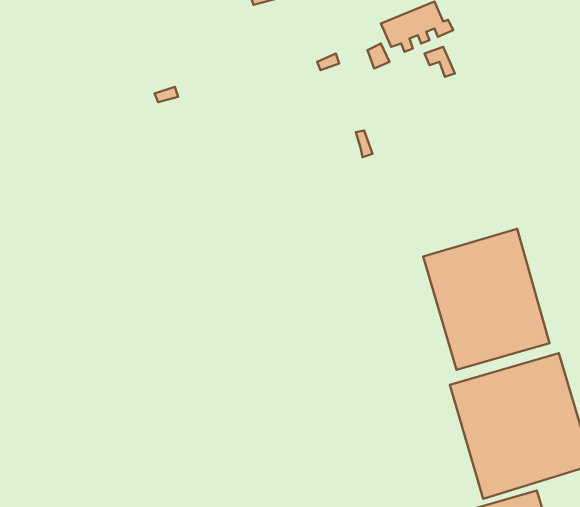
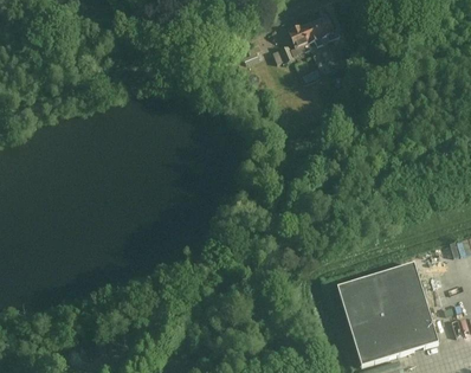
building: [423,229,550,370] -> none

